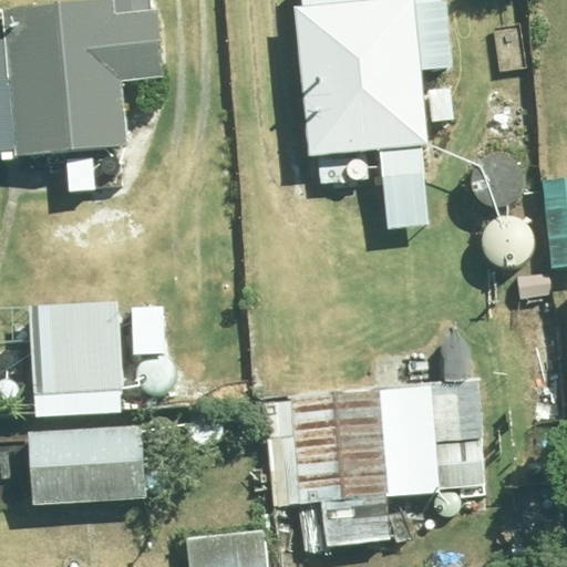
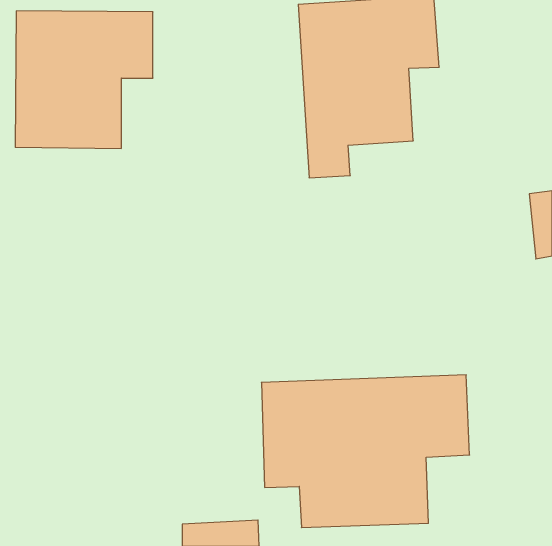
building: [38,301,169,393] -> none
building: [29,426,144,504] -> none

